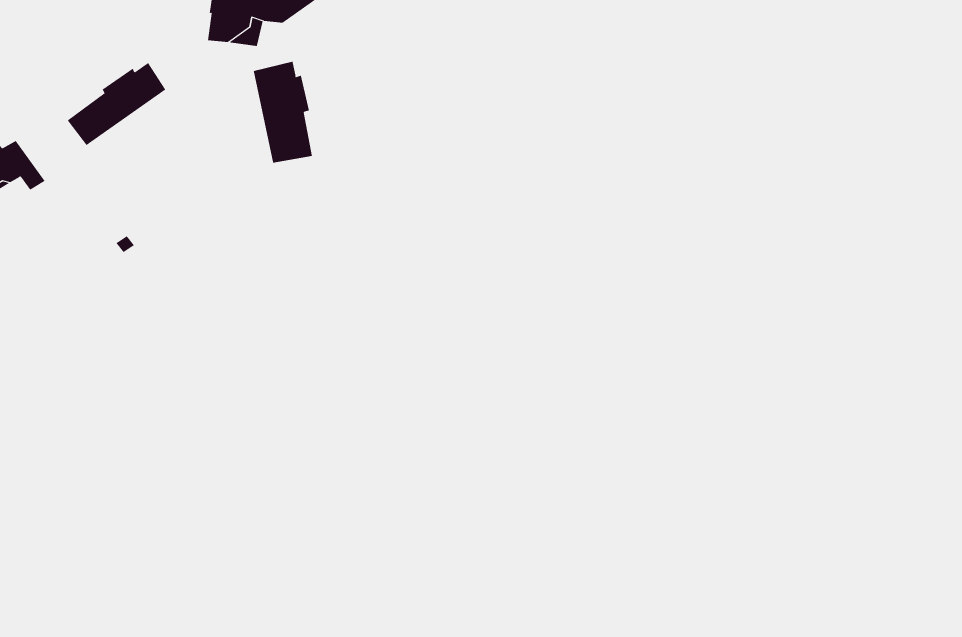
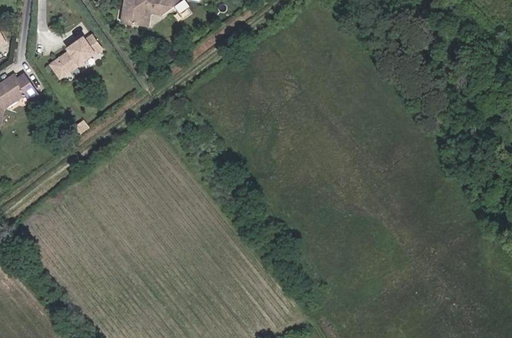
building: [253,61,312,164] -> none

